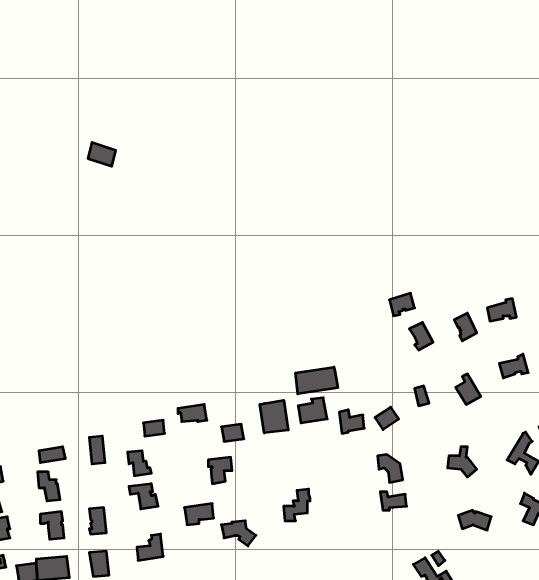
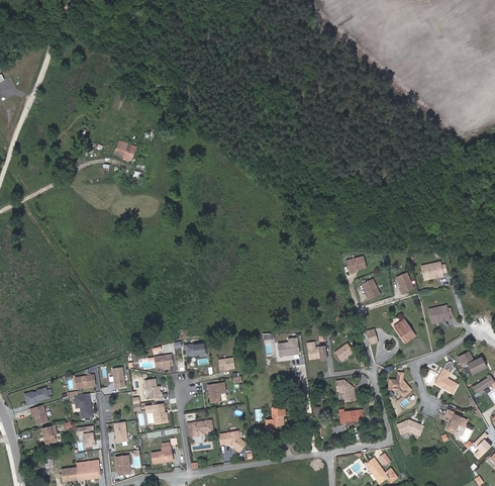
building: [296,367,338,394] -> none
building: [260,400,288,433] -> none

